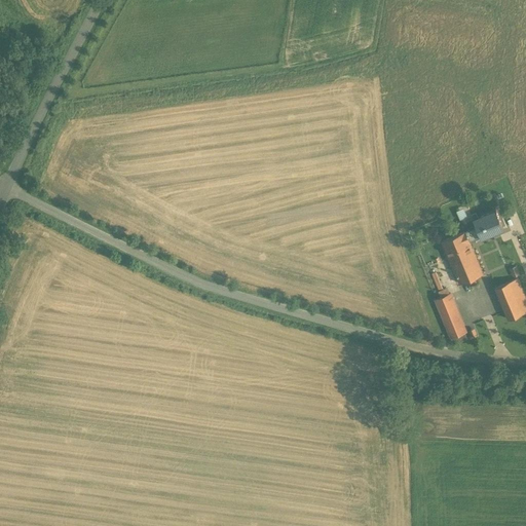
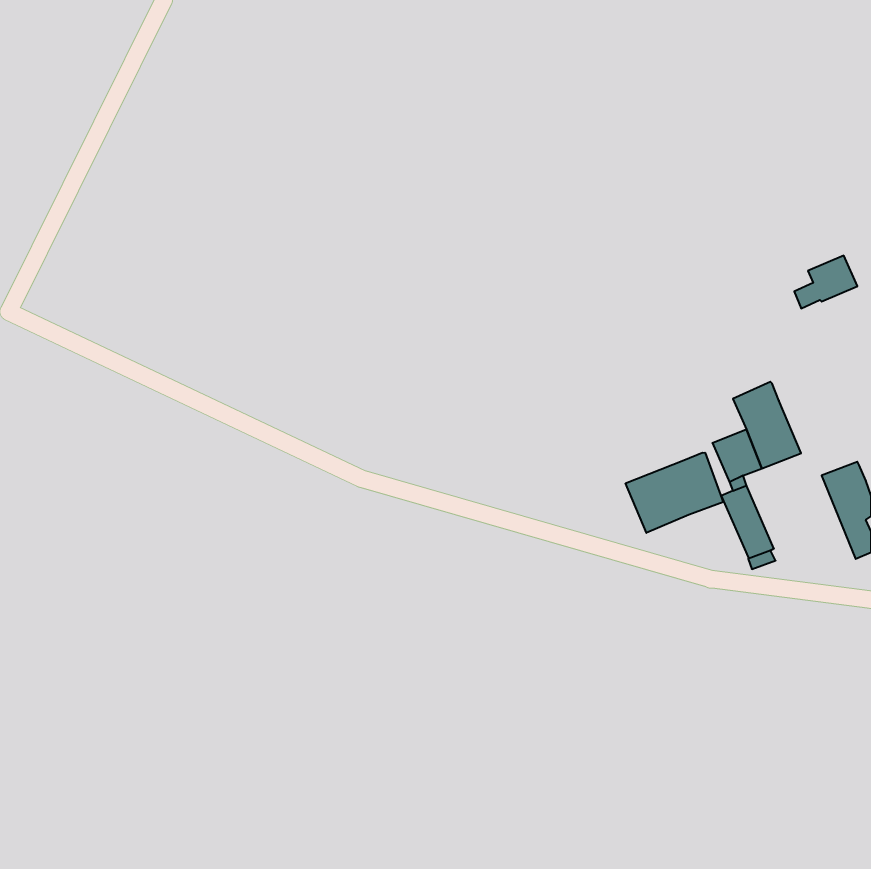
building: [465,211,503,242] -> [794,256,857,308]
building: none -> [626,453,723,533]

